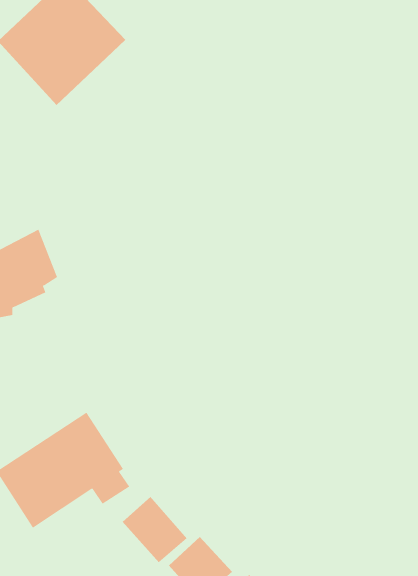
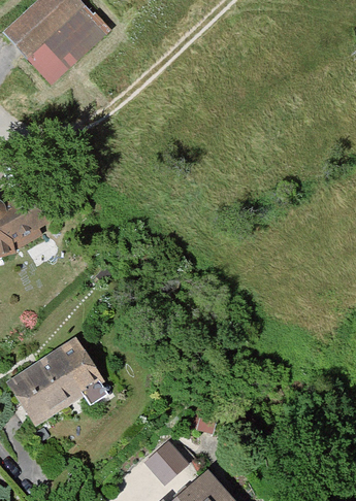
building: [122,496,188,563] -> none

